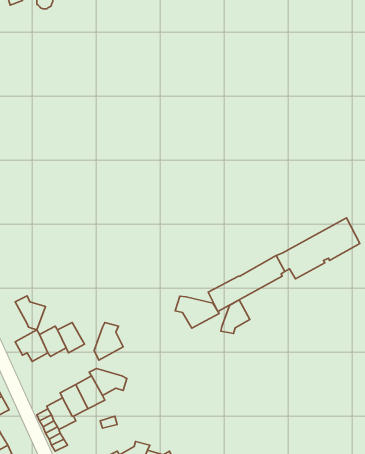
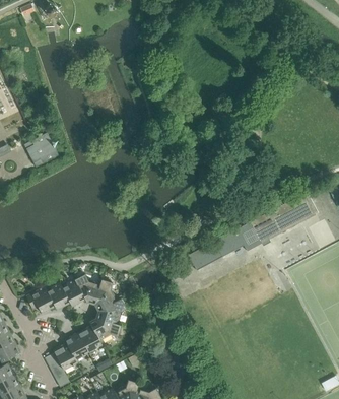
building: none -> [22,133,58,168]
building: [15,296,45,330] -> [73,275,98,304]
building: [175,296,219,328] -> none
building: [221,300,250,333] -> none
building: none -> [93,300,124,325]

